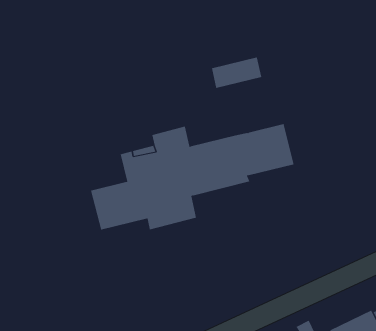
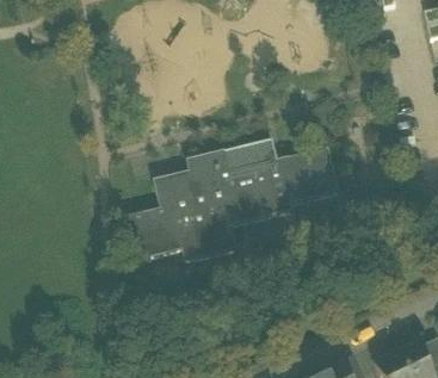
building: [211,57,262,89] -> [223,138,277,172]

